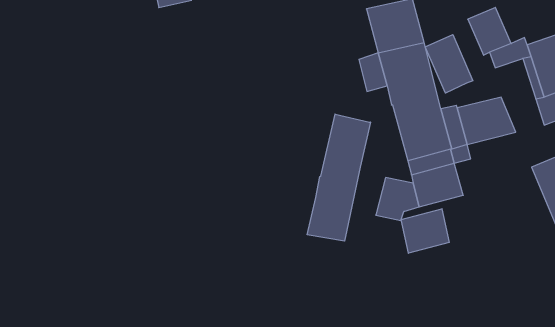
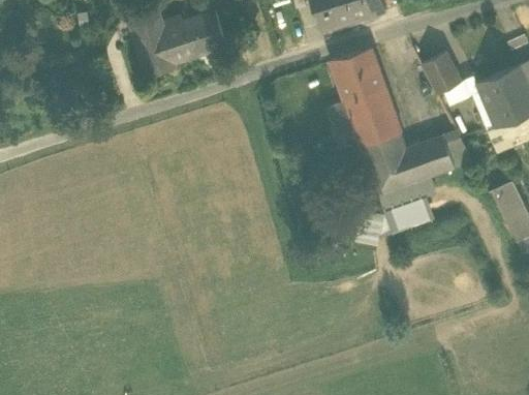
building: [425,35,473,93] -> none
building: [307,114,370,241] -> none
building: [401,209,449,253] -> none

